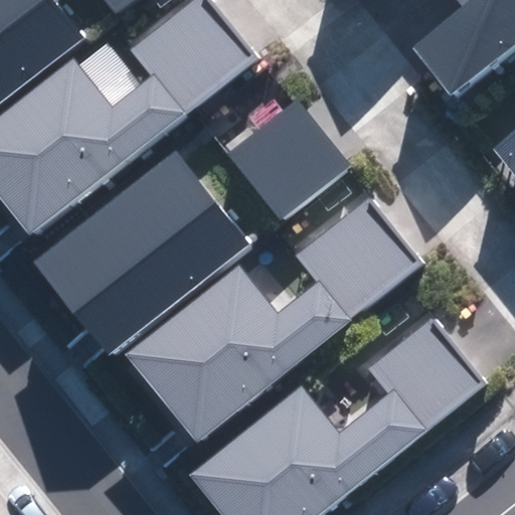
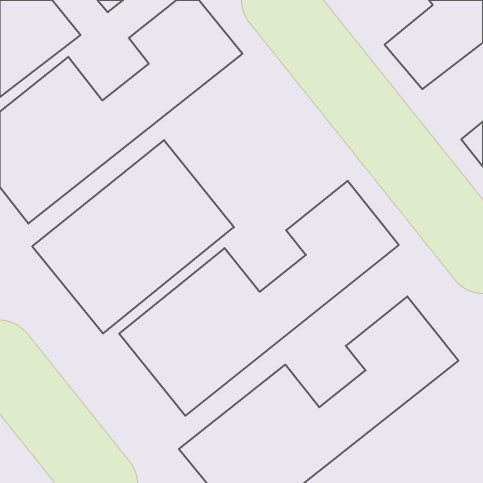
building: [227,101,348,220] -> none

